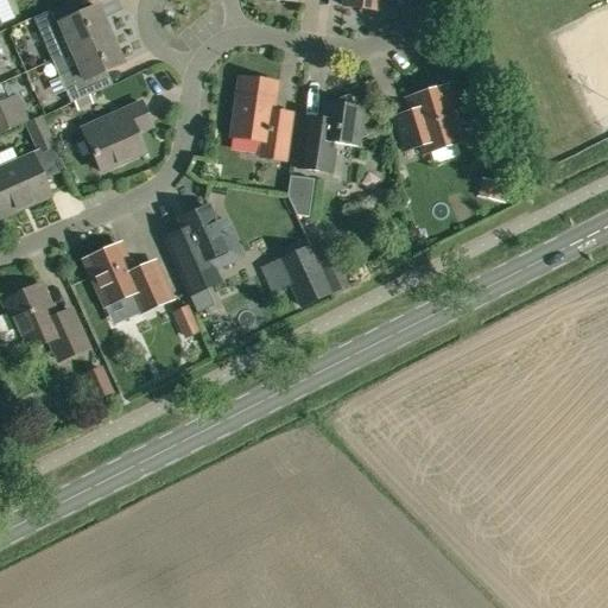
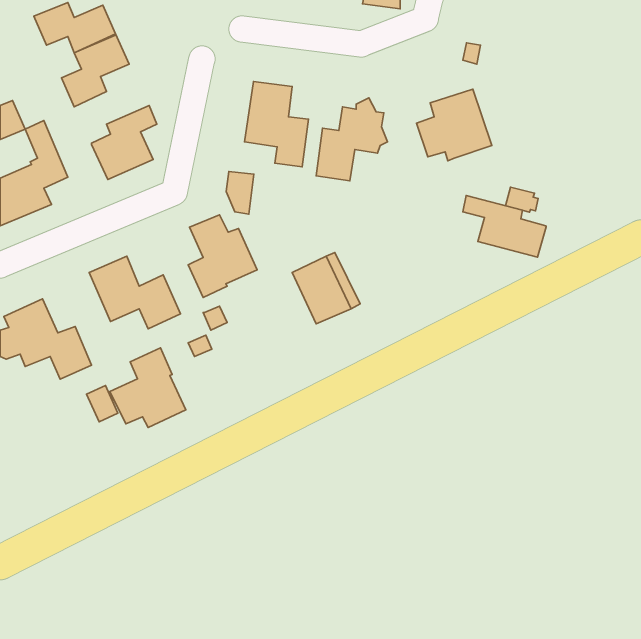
building: [287,175,314,215] -> [226,172,254,214]
building: none -> [463,196,546,257]
building: none -> [110,348,186,427]

